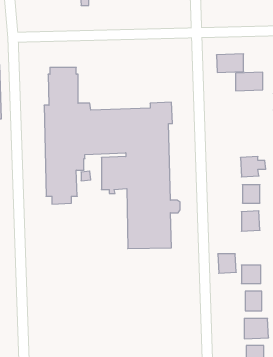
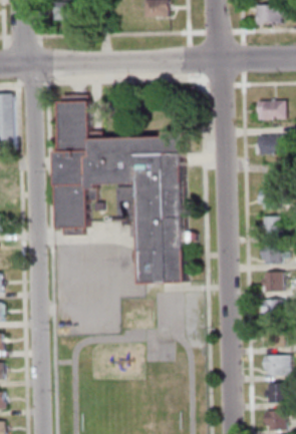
building: [216,54,244,72] -> [257,134,285,153]
building: [218,254,236,273] -> [264,272,283,292]

